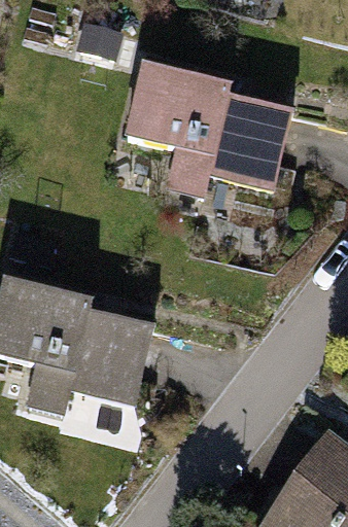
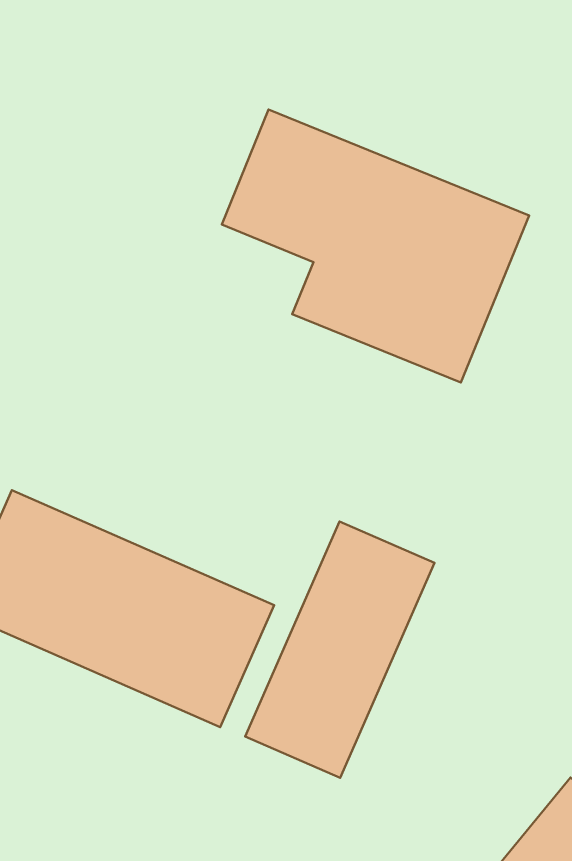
building: none -> [245,521,435,778]

